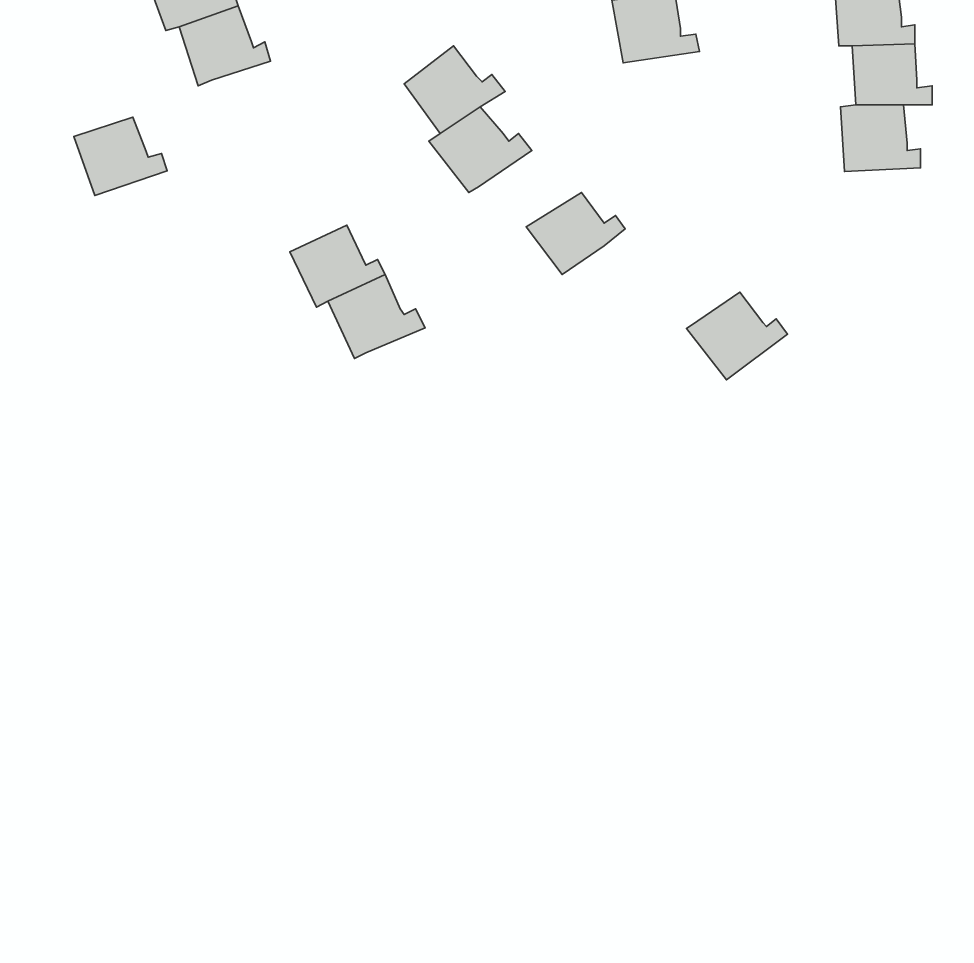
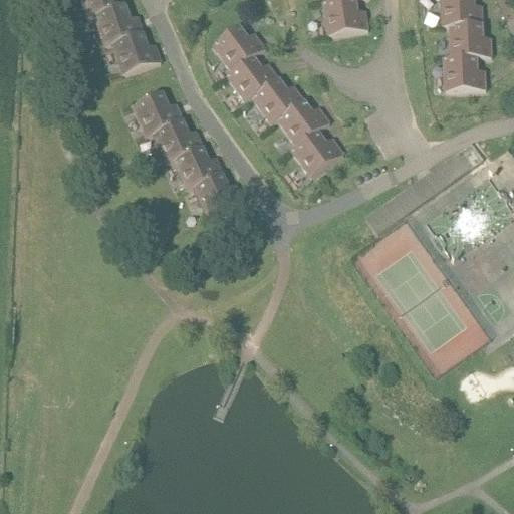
building: [74,117,167,195] -> [111,32,161,73]
building: none -> [252,79,306,123]
building: none -> [133,90,183,136]
building: [687,292,788,380] -> [290,130,343,176]
building: none -> [193,173,243,216]

